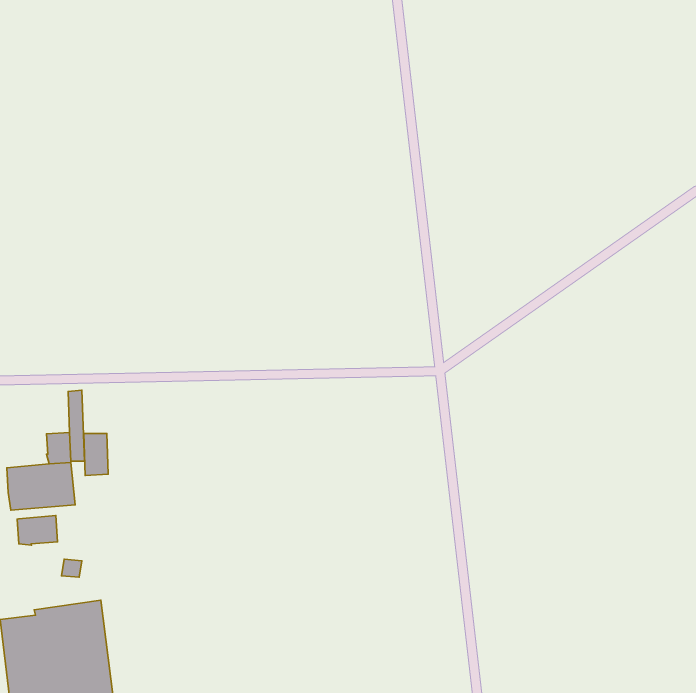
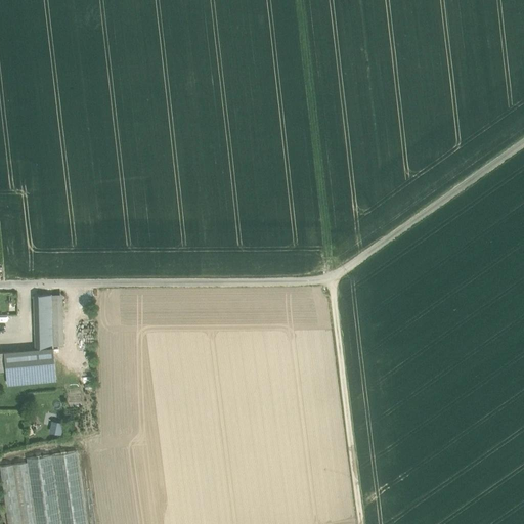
building: [84,433,108,476] -> [34,297,52,329]
building: [17,516,58,545] -> none

